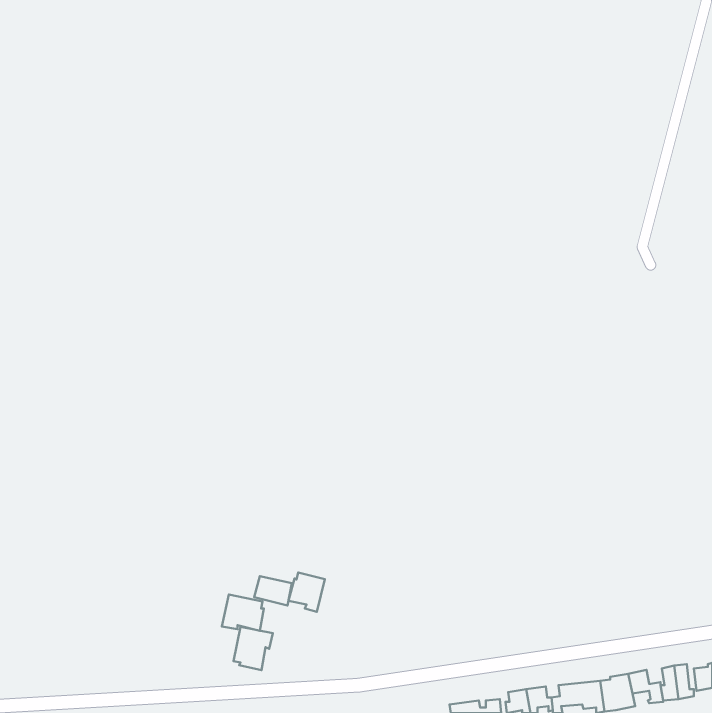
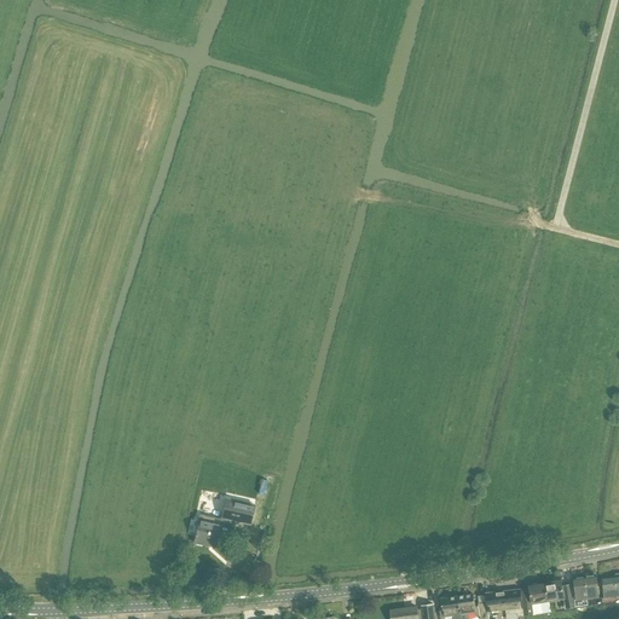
building: [288,573,325,612] -> none
building: [233,627,273,670] -> none

